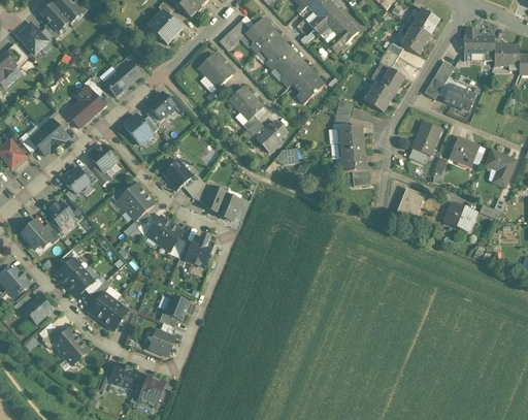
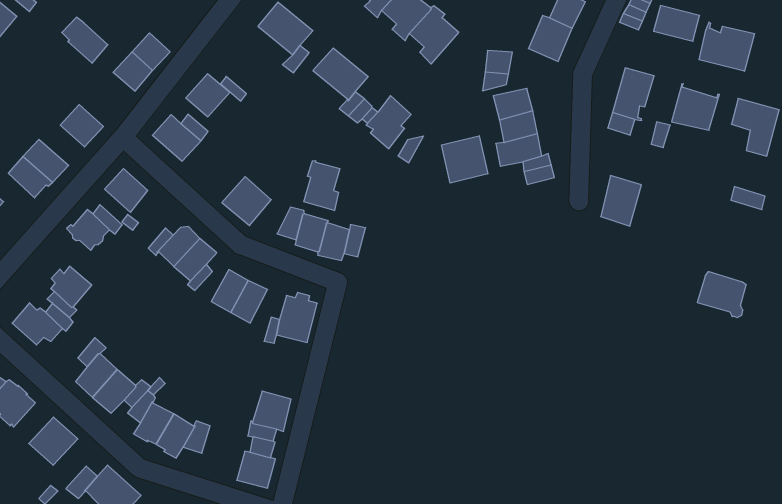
building: [77,87,105,117] -> [62,17,108,63]
building: none -> [699,22,754,71]
building: none -> [442,136,488,183]
building: none -> [304,161,340,211]
building: [444,202,476,233] -> [697,272,746,318]

